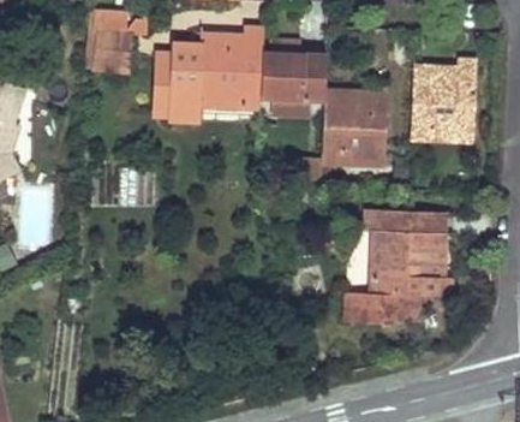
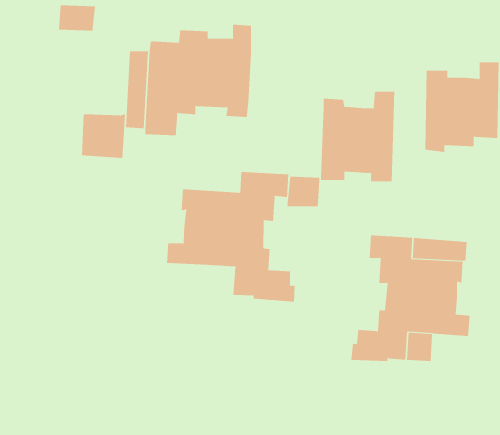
building: [92,32,131,71] -> [81,114,126,158]
building: [261,53,325,117] -> none
building: none -> [167,171,295,302]

